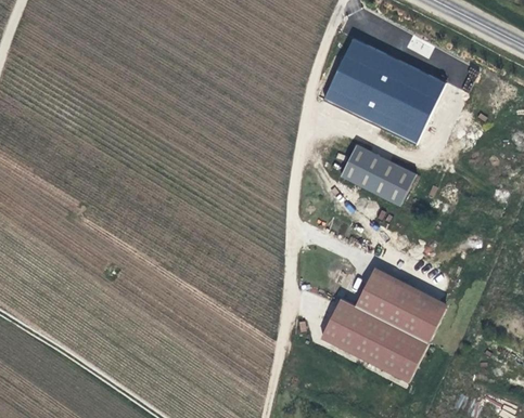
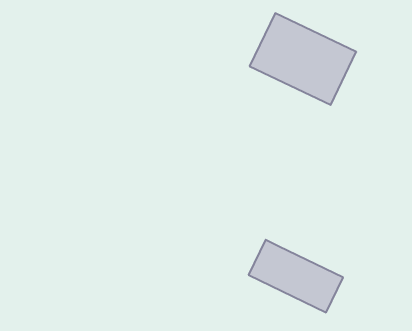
building: [341,145,414,205] -> none
building: [356,272,447,341] -> none

